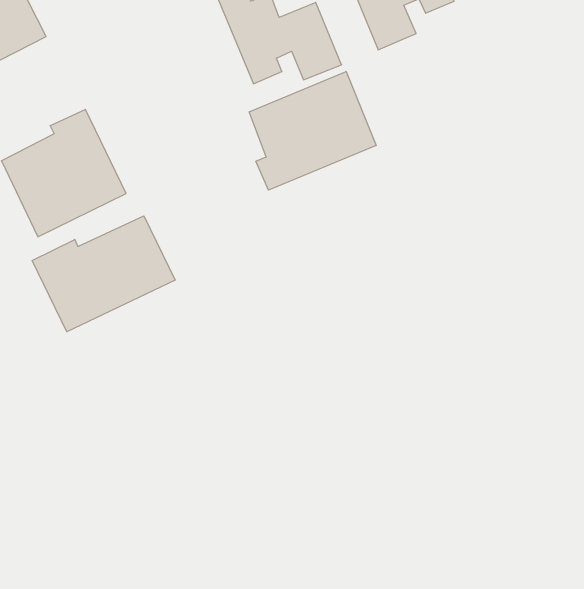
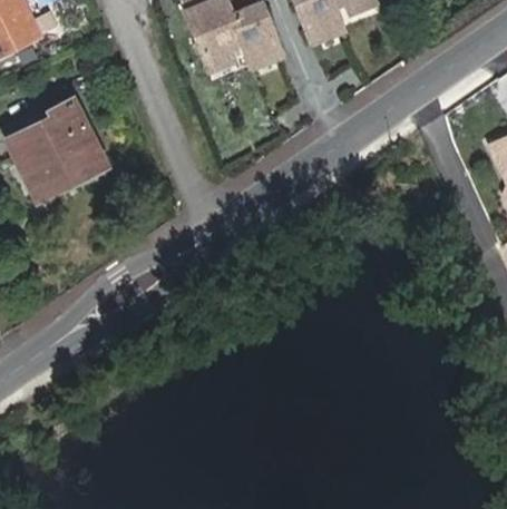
building: [249,71,376,190] -> none
building: [32,216,175,332] -> none

